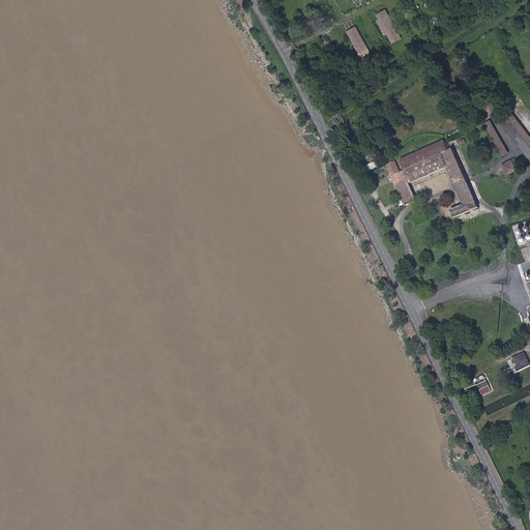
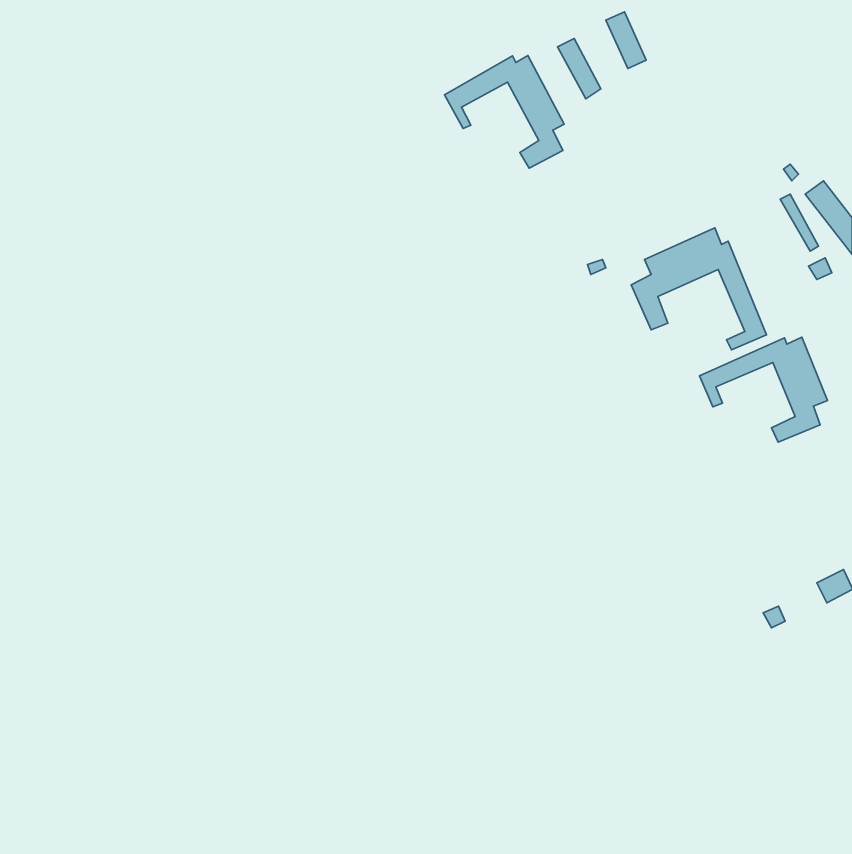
building: none -> [445,55,564,168]
building: none -> [699,337,827,442]

